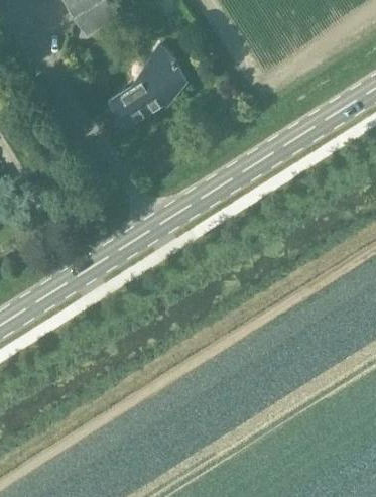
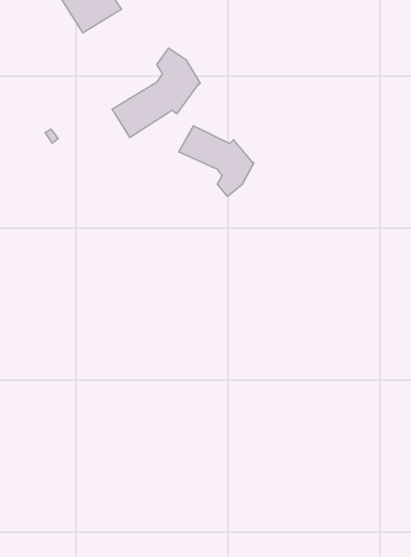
building: none -> [179,126,254,197]

